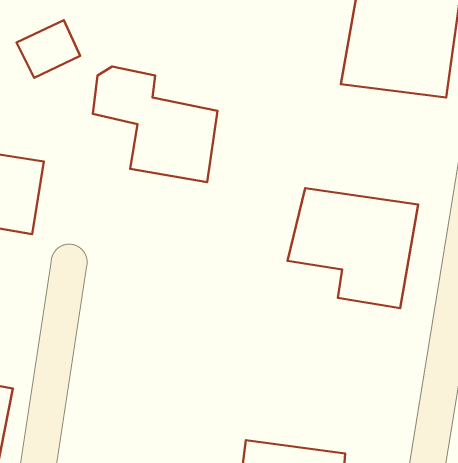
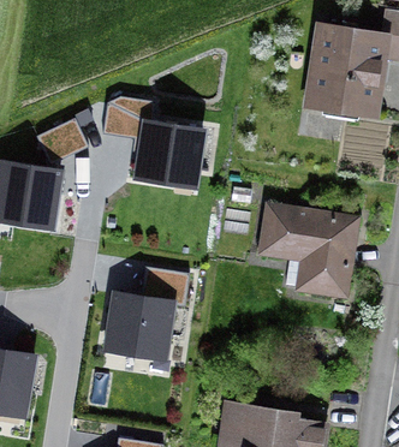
building: [16,20,80,78] -> [34,119,85,166]
building: none -> [102,267,186,360]

